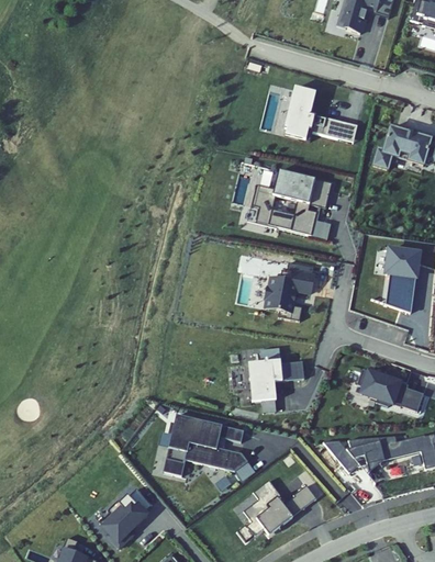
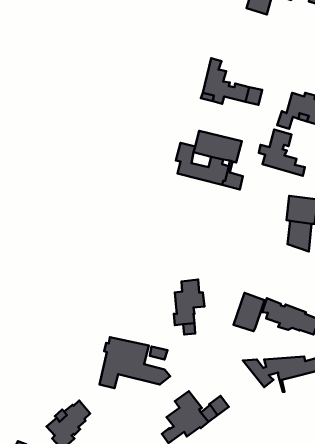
building: none -> [259,129,305,176]
building: [264,269,314,321] -> none
building: none -> [233,293,264,331]

